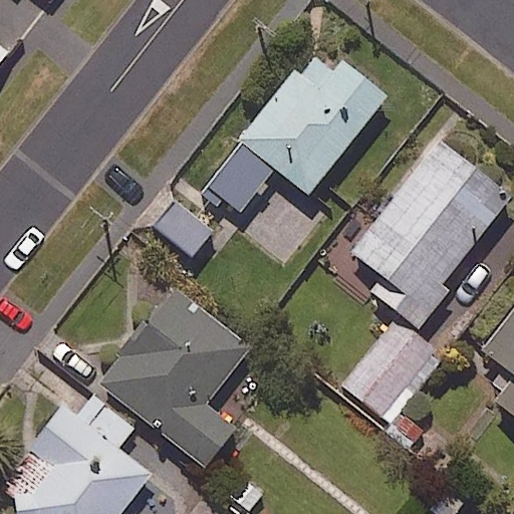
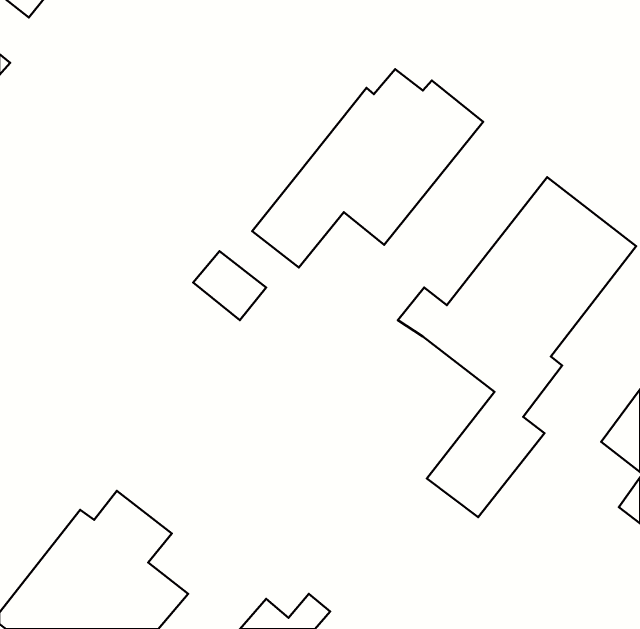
building: [101,290,249,467] -> none

